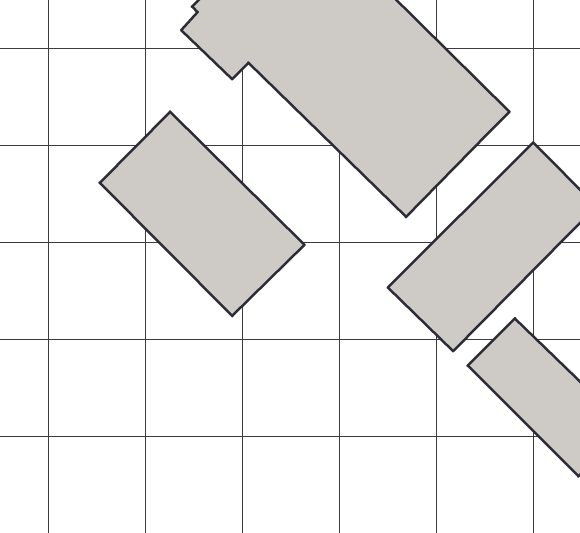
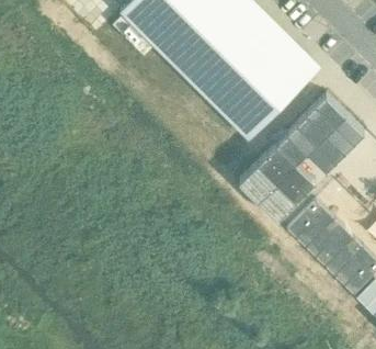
building: [100,112,304,316] -> none

